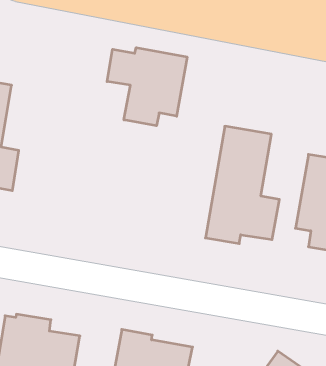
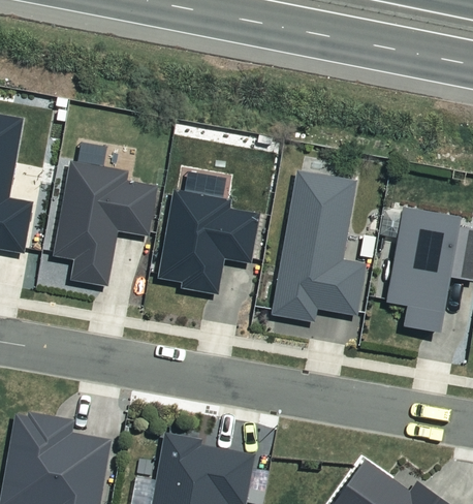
building: [107,48,187,126] -> none
building: none -> [53,161,157,286]
building: none -> [158,190,260,294]

